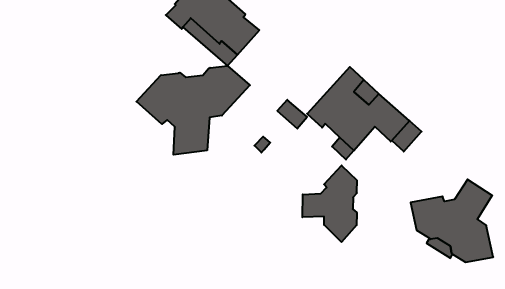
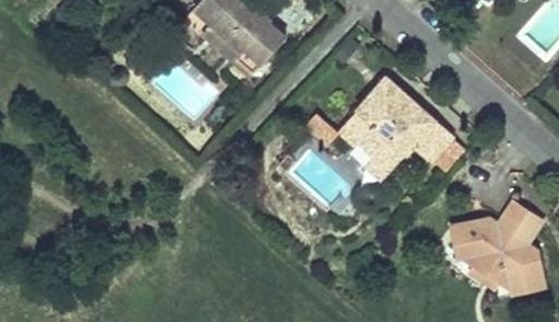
building: [136,66,250,155] -> none
building: [302,165,357,242] -> none

